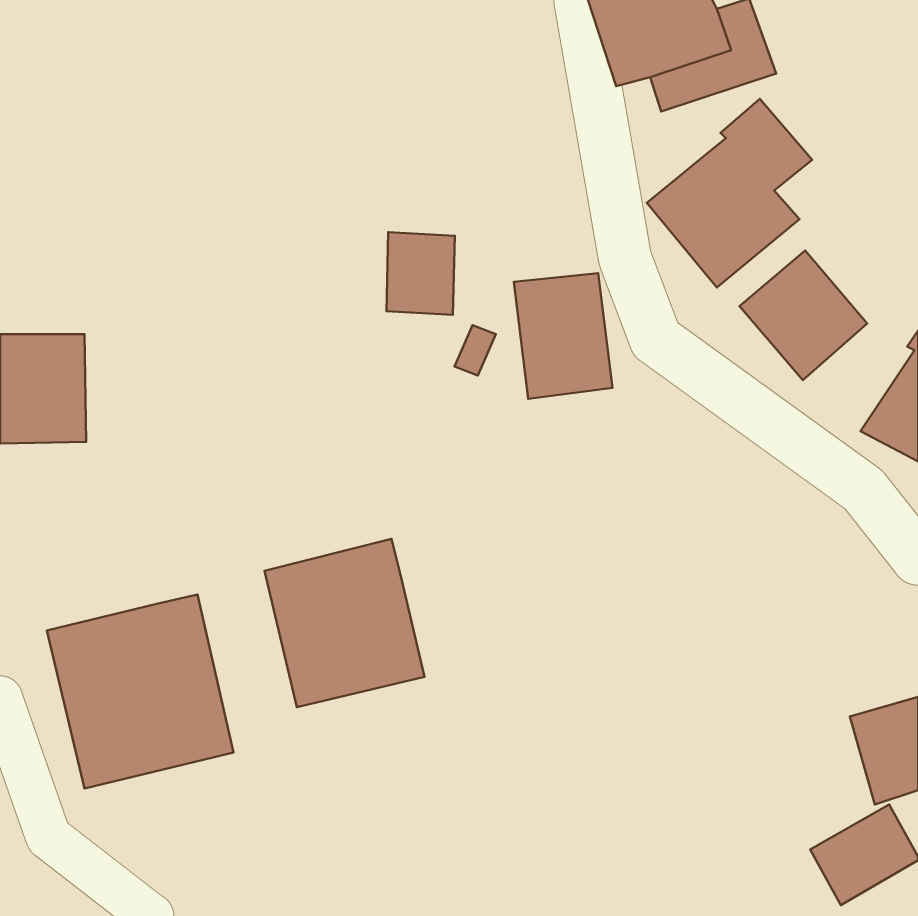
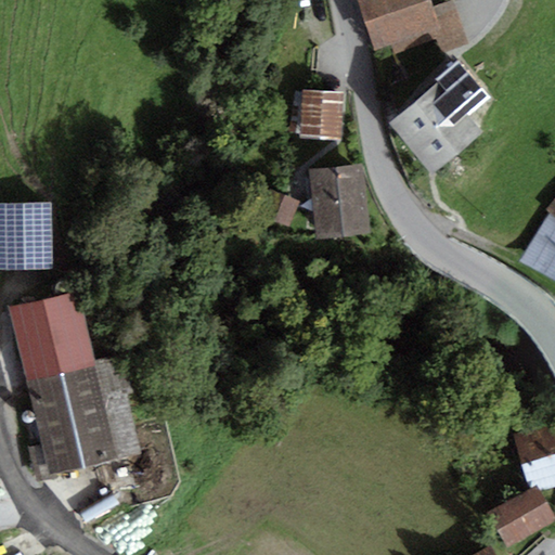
building: [386,232,455,315] -> [301,89,343,139]
building: [739,250,867,380] -> none
building: none -> [11,291,95,380]
building: [265,539,425,707] -> none

